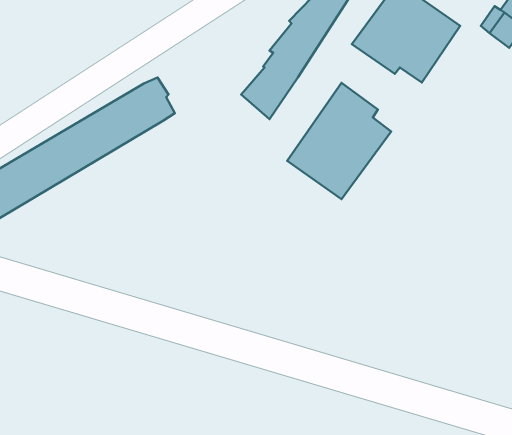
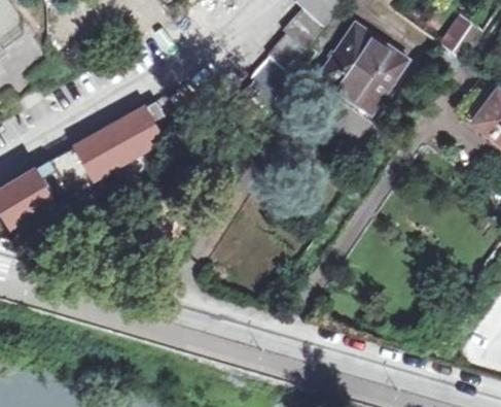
building: [287,83,391,199] -> none

